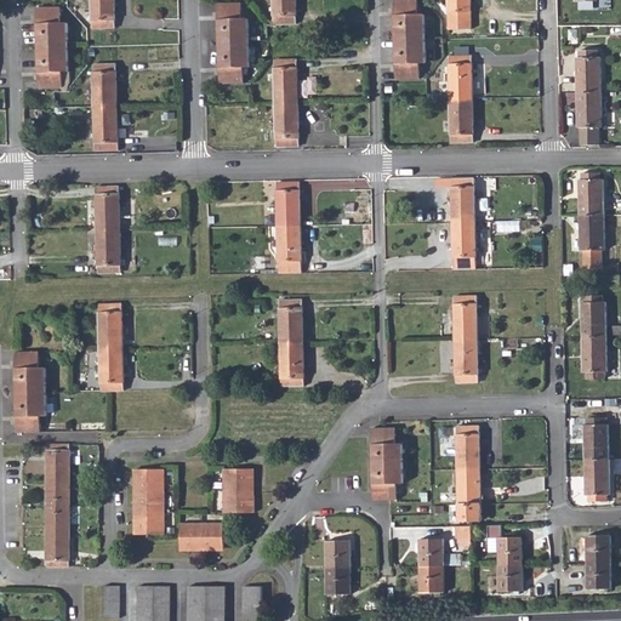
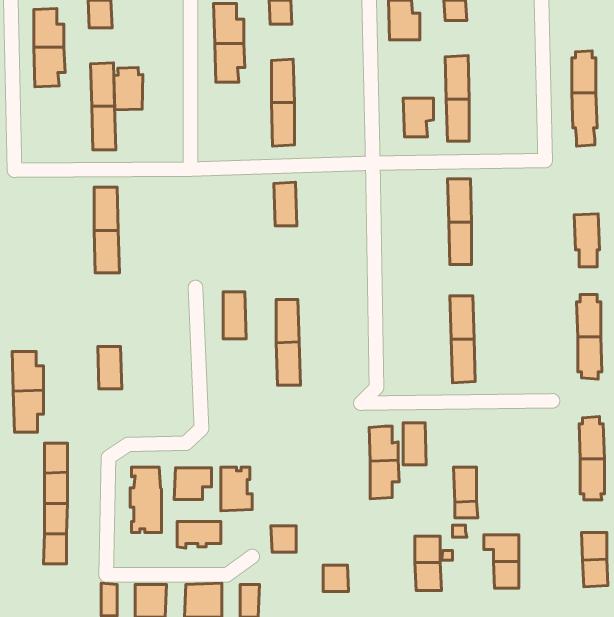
building: [392,40,422,79] -> [403,98,433,137]
building: none -> [114,68,143,110]
building: [577,173,602,216] -> none
building: [277,227,300,274] -> [223,292,246,339]
building: [97,306,121,348] -> none
building: [456,427,479,469] -> [403,423,426,465]
building: none -> [174,468,212,499]
building: [324,541,349,568] -> [271,526,296,552]

